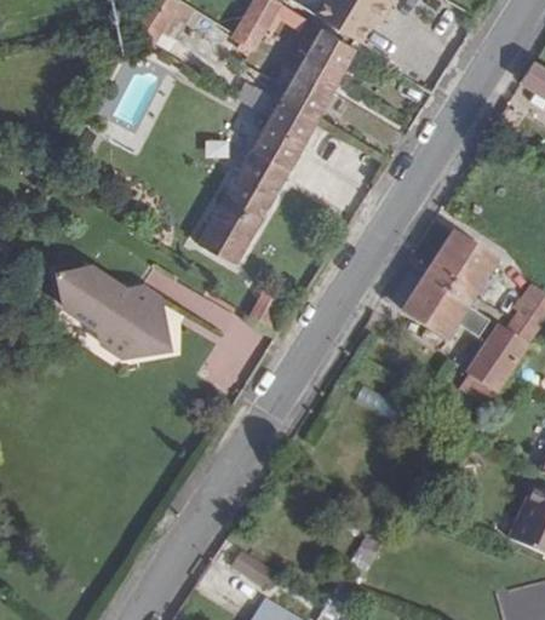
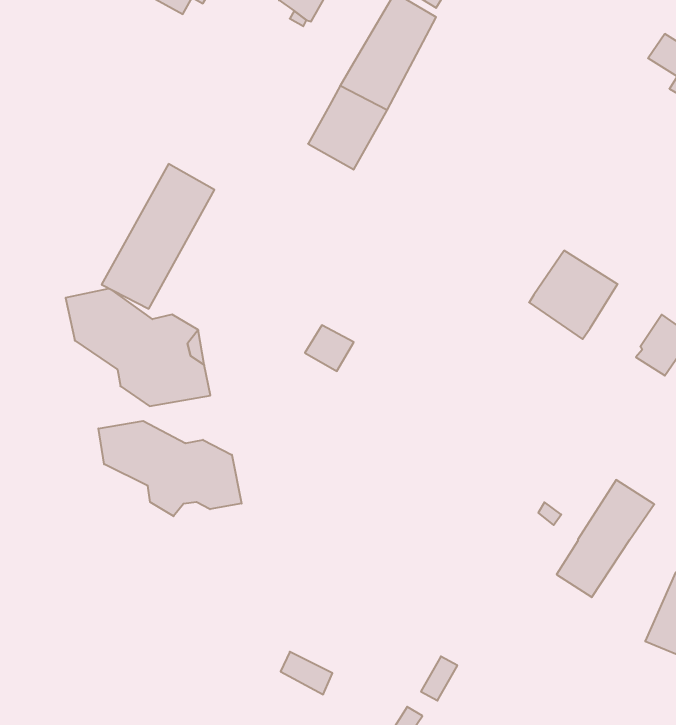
building: [197,148,287,263] -> [102,164,214,309]
building: [401,274,488,341] -> none
building: [448,326,526,419] -> [557,480,654,597]
building: none -> [98,421,242,516]

